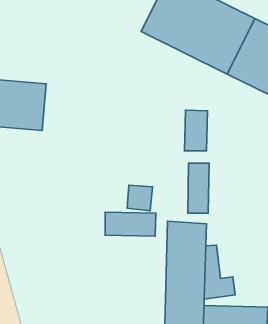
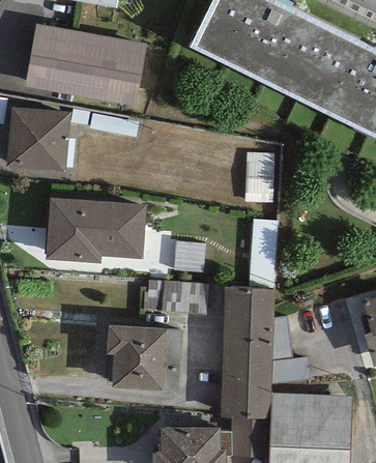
building: none -> [24,24,146,107]
building: none -> [45,198,145,263]
building: none -> [106,325,181,390]

